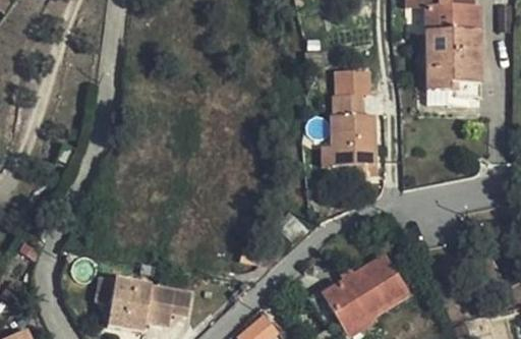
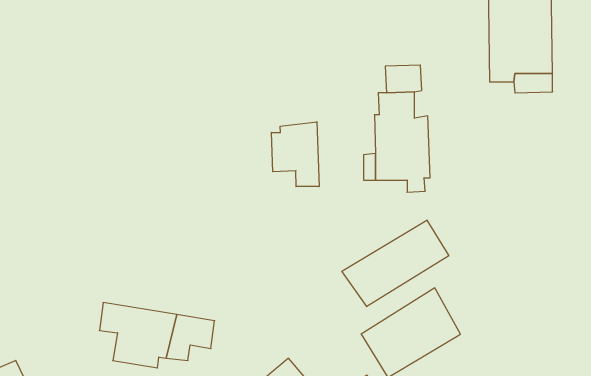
building: none -> [271,122,319,187]
building: none -> [342,220,449,307]

